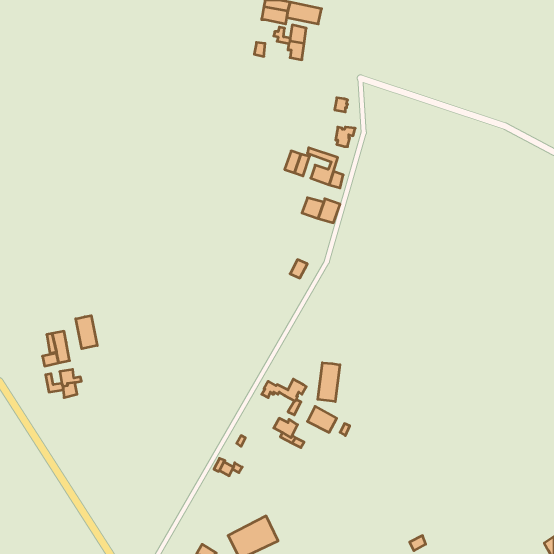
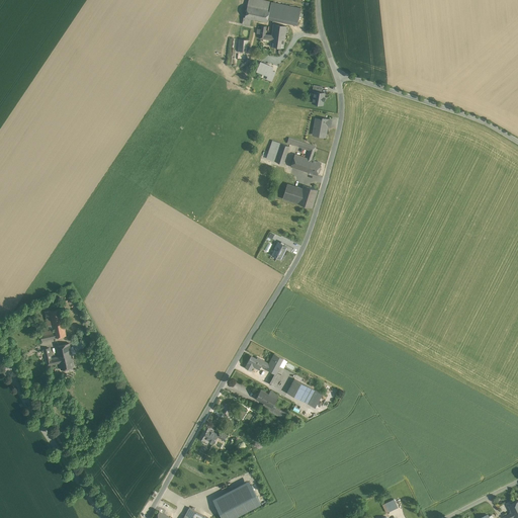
building: [76,316,97,349] -> none
building: [318,363,340,402] -> none

